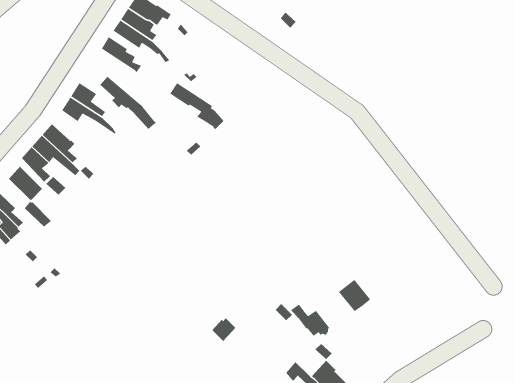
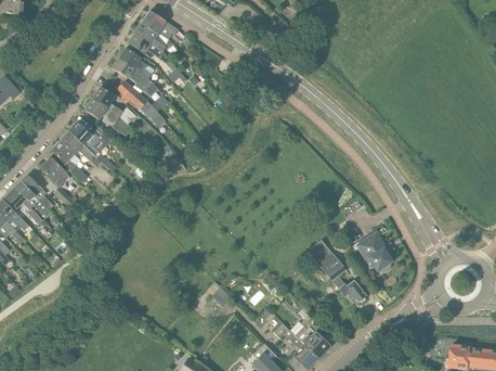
building: [169,82,225,130] -> [112,57,158,98]
building: none -> [360,236,392,271]
building: [290,304,330,337] -> [331,274,365,303]

